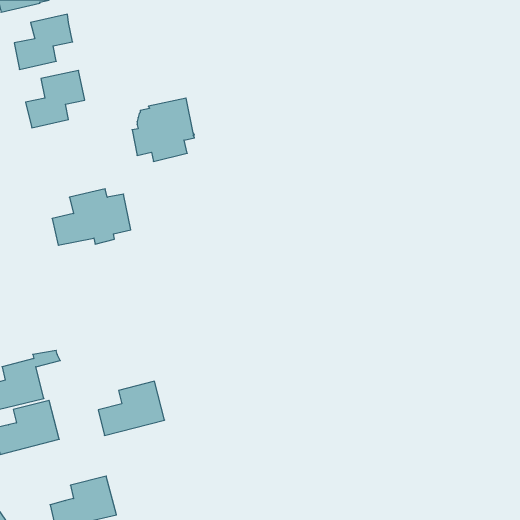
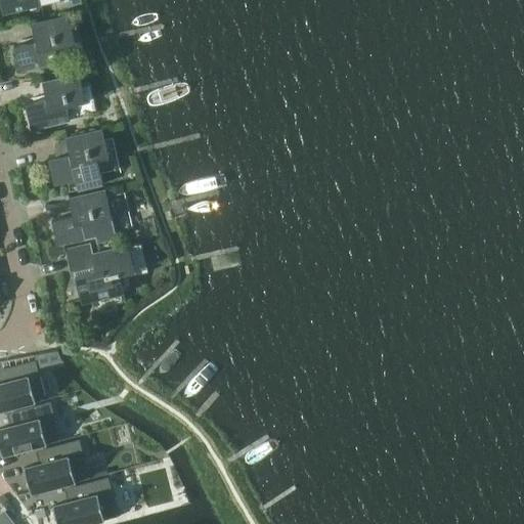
building: [132,98,194,161] -> [47,128,110,191]
building: none -> [66,244,144,302]
building: [98,381,165,435] -> [21,441,88,495]

